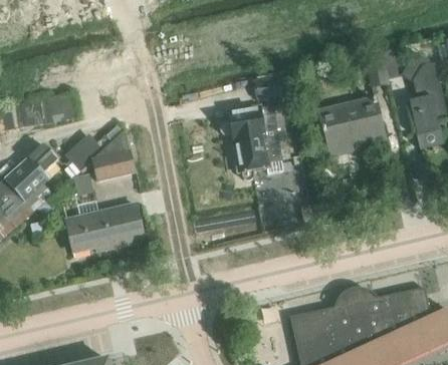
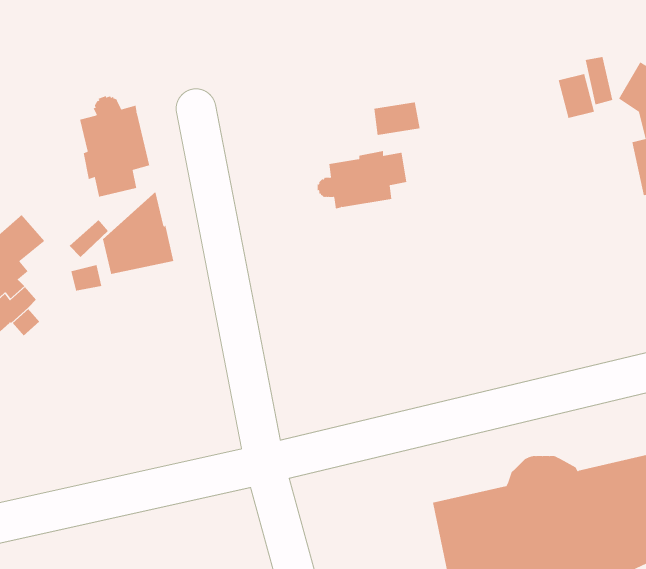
building: none -> [79,95,150,197]
building: [318,97,385,155] -> none
building: [236,134,283,179] -> none
building: [66,204,145,250] -> none

